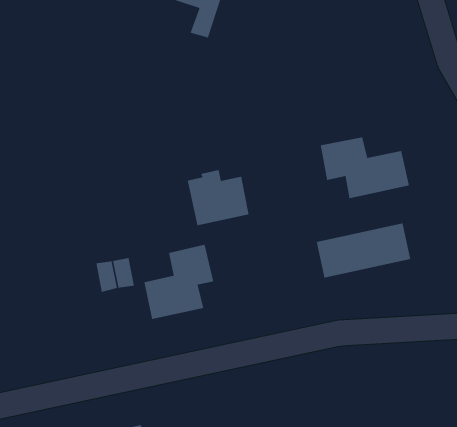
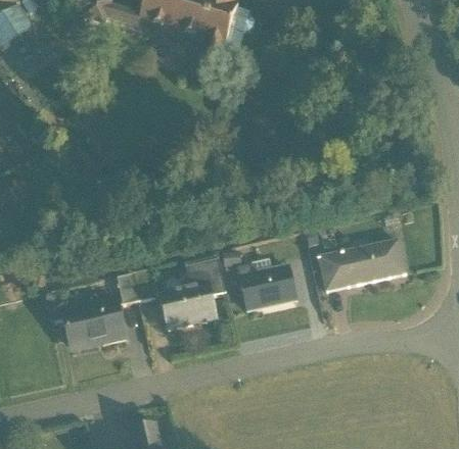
building: [320,136,410,199] -> none
building: [187,169,250,226] -> [238,257,295,309]
building: none -> [60,297,125,349]

